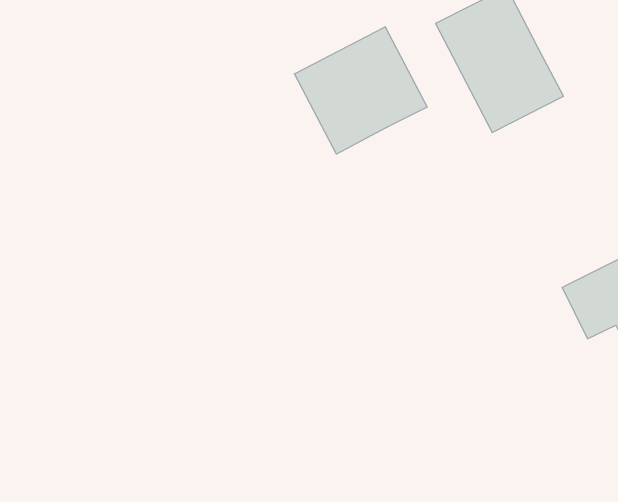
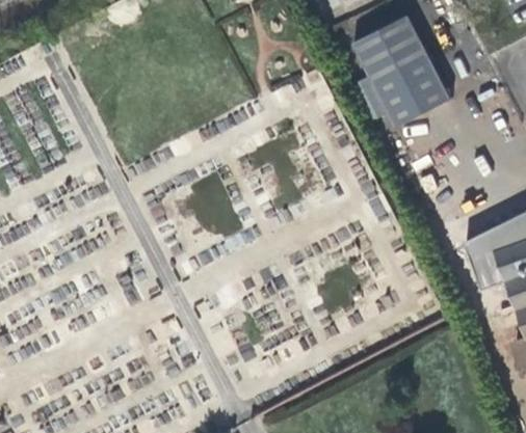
building: [294,27,427,154] -> none

